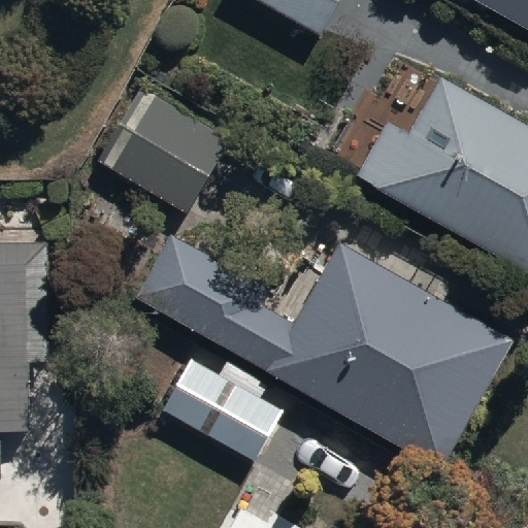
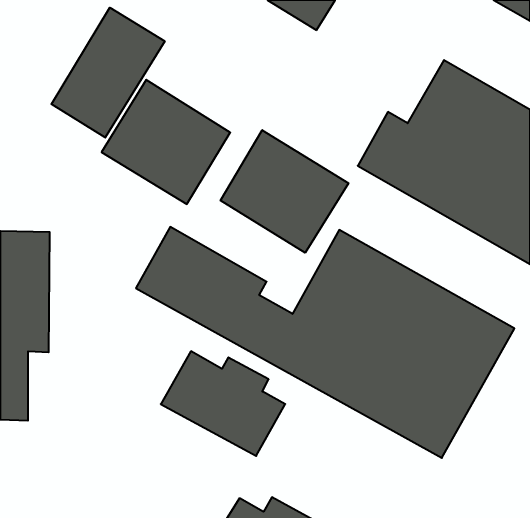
building: none -> [51,8,165,138]
building: none -> [221,130,348,253]

